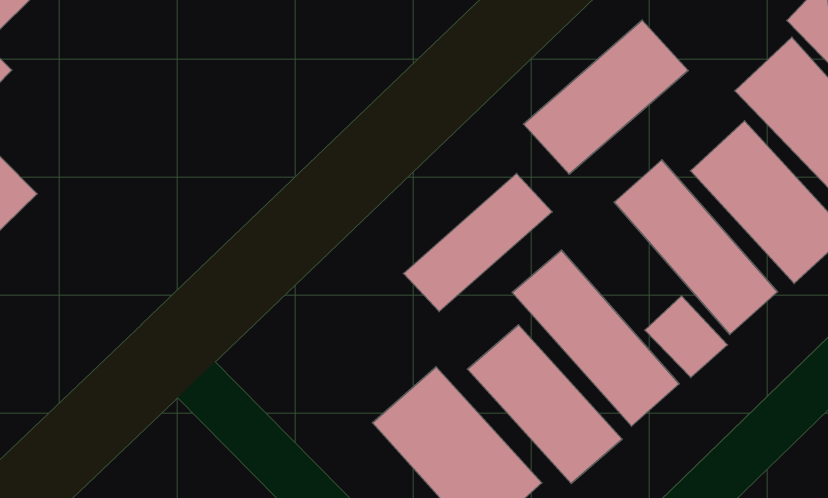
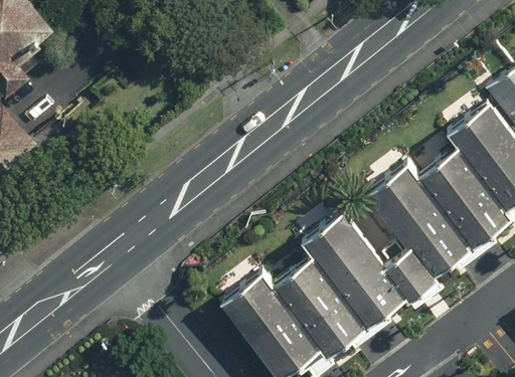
building: [524,20,688,174] -> none
building: [404,173,552,312] -> none

